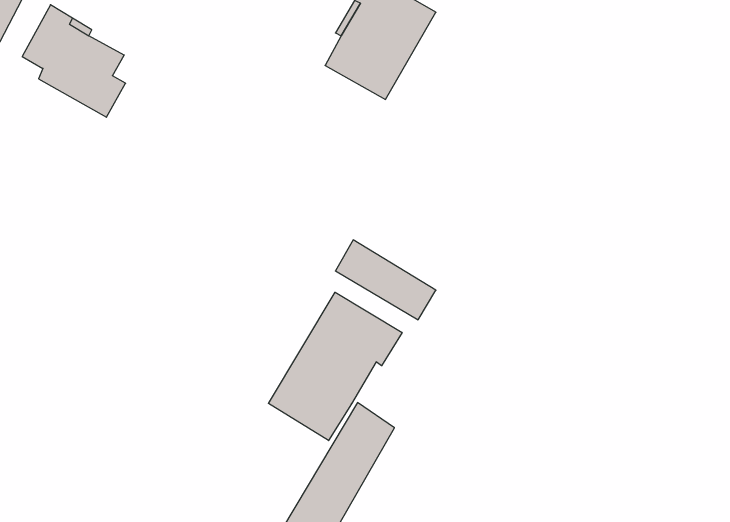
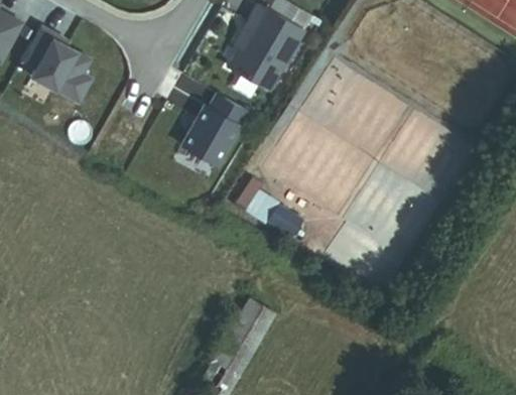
building: none -> [181,93,248,164]
building: [268,292,402,441] -> none

